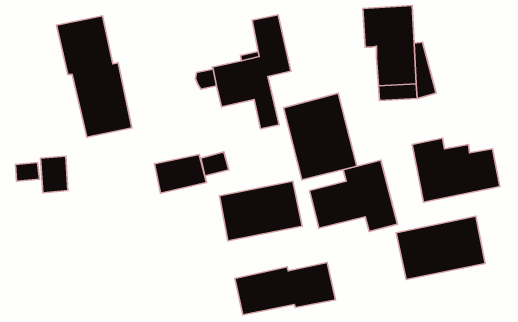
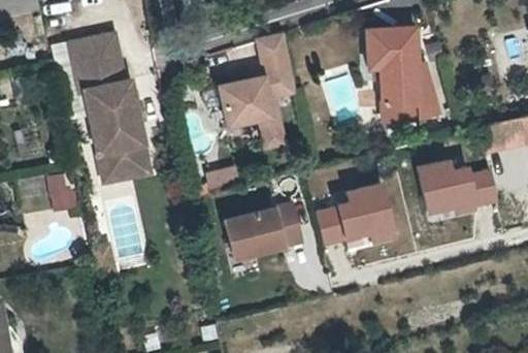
building: [284,93,357,180] -> none
building: [154,154,207,193] -> [95,146,146,184]
building: [396,216,485,280] -> none
building: [235,263,336,315] -> none

